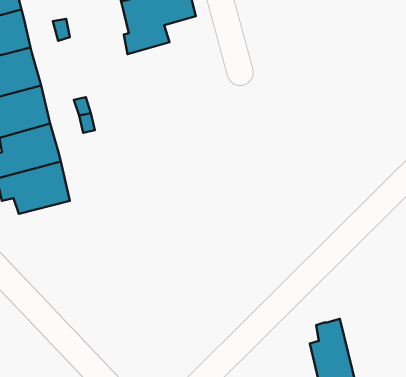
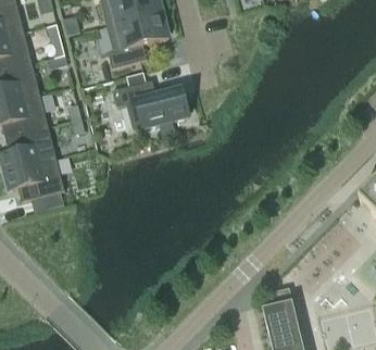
building: none -> [113,71,188,135]

